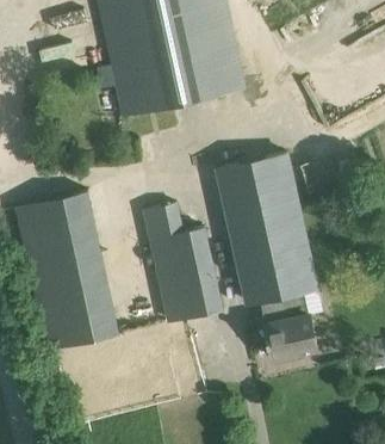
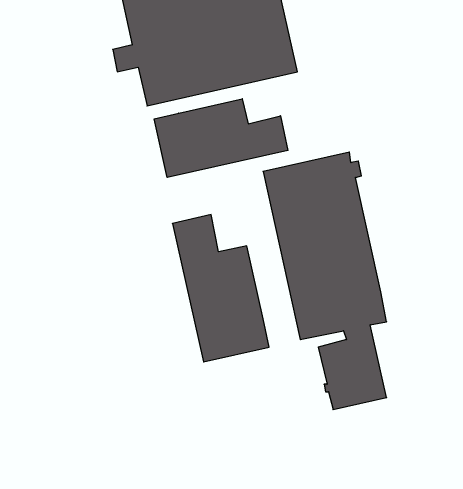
building: none -> [154,99,288,177]
building: [25,191,123,346] -> none

